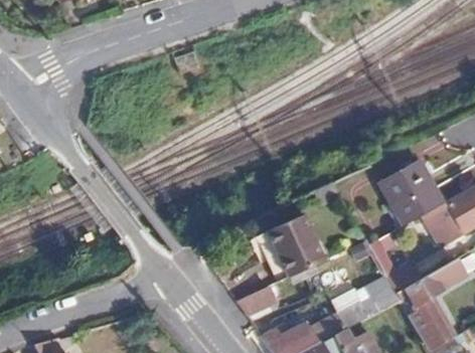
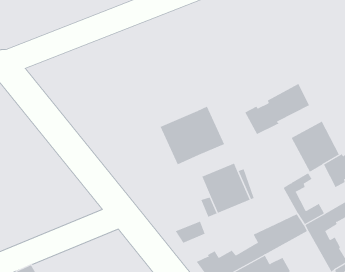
building: none -> [245,83,310,135]
building: none -> [160,106,225,165]

